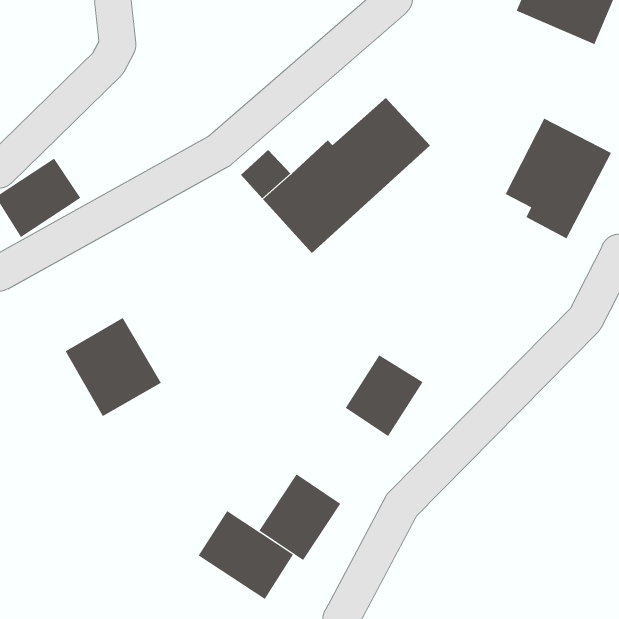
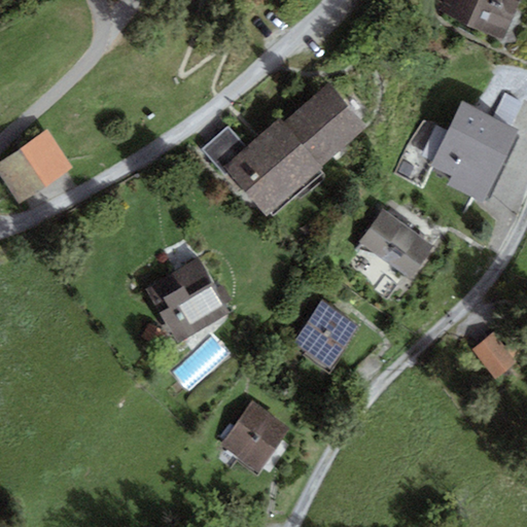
building: none -> [359,210,435,279]
building: [65,317,162,417] -> [144,259,226,344]
building: none -> [471,332,518,380]
building: [198,510,294,600] -> none

